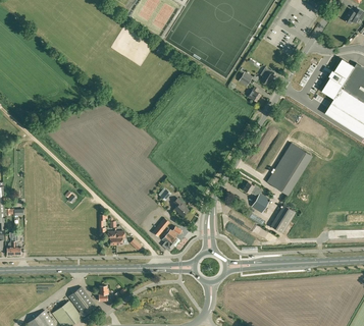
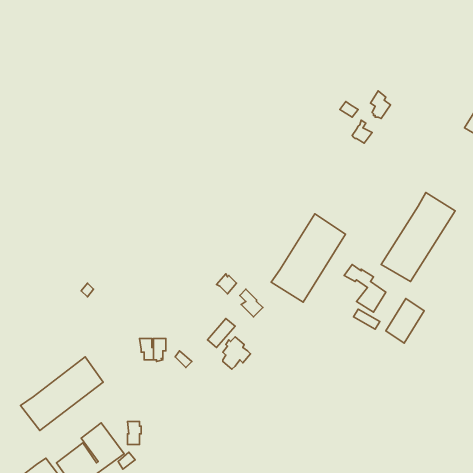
building: none -> [271,214,345,302]
building: none -> [21,357,103,430]

